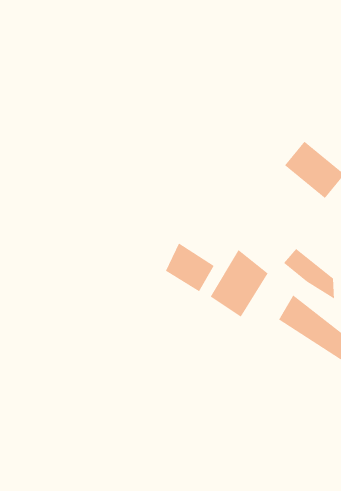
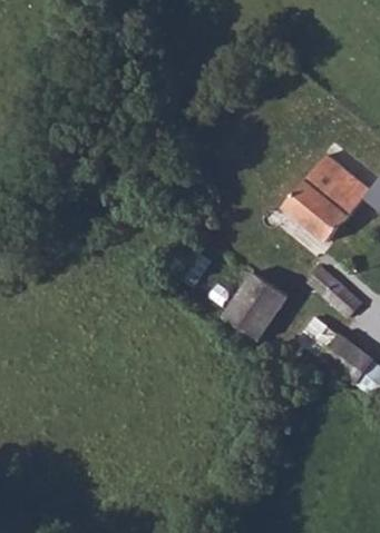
building: none -> [283,178,348,239]
building: [165,243,215,292] -> none

